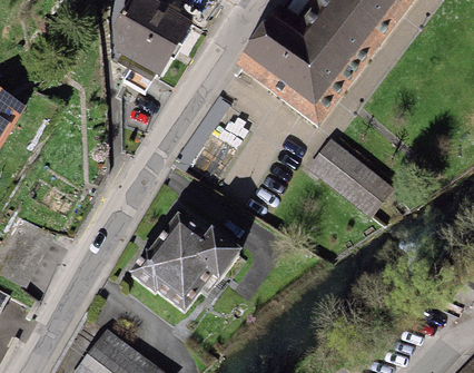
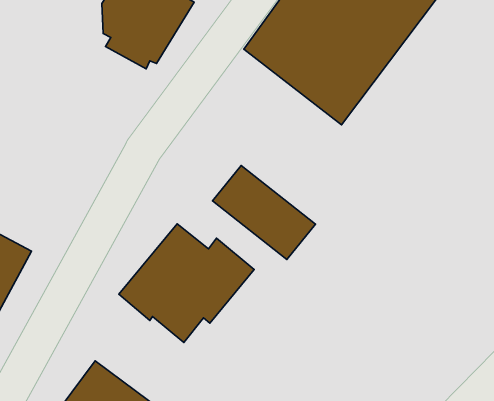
building: [306,137,394,217] -> [212,166,315,259]

